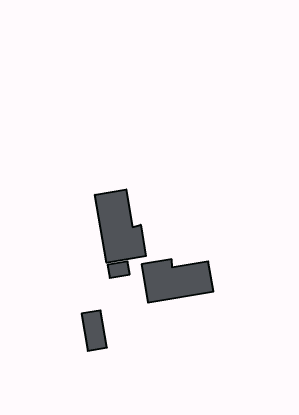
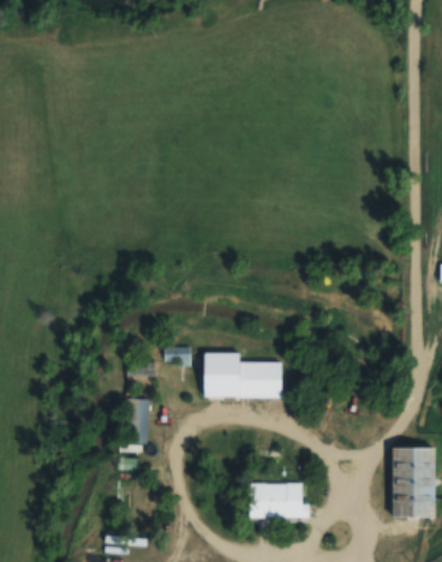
building: [95,189,146,263] -> none
building: none -> [251,483,303,516]

